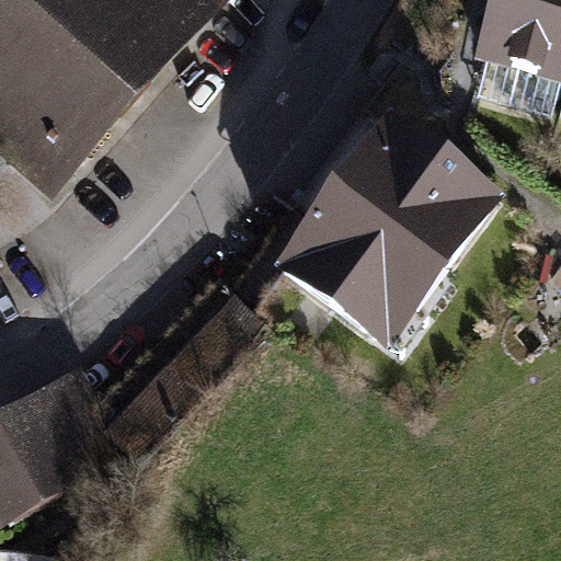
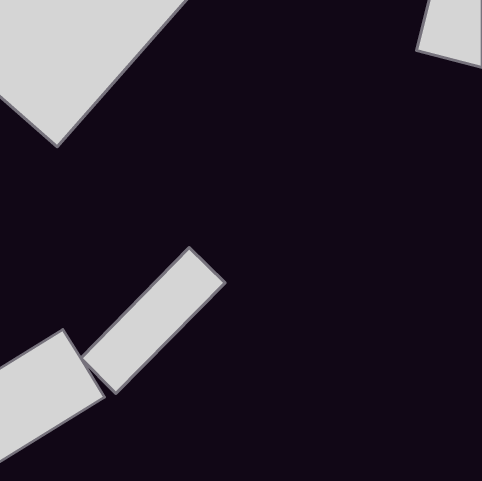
building: [279,125,493,340] -> none

